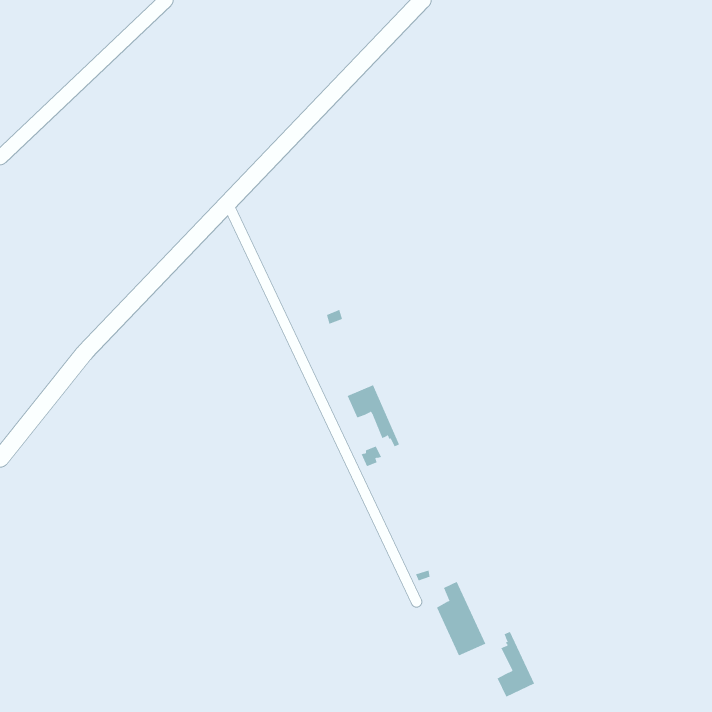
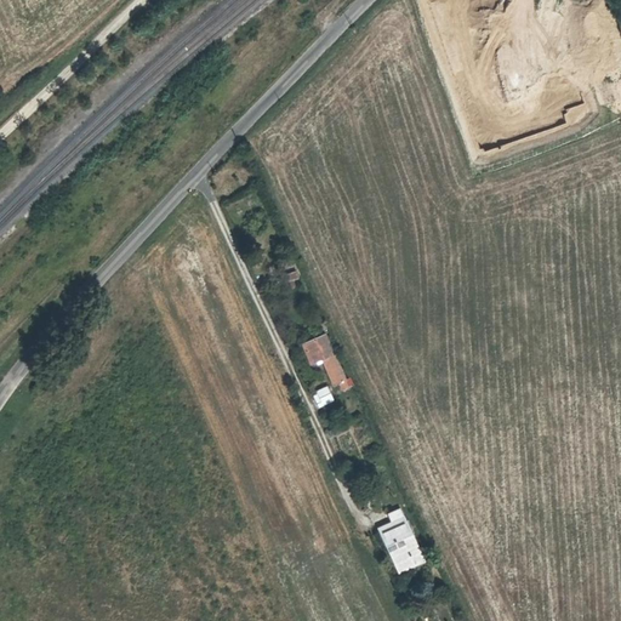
building: [497,631,535,698] -> none

